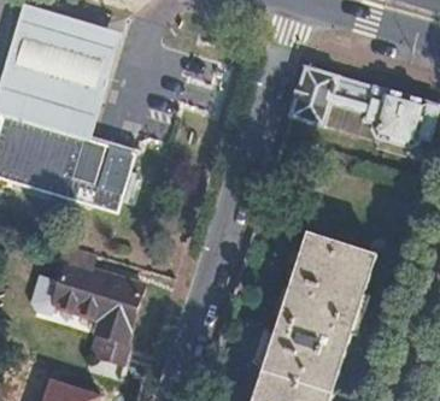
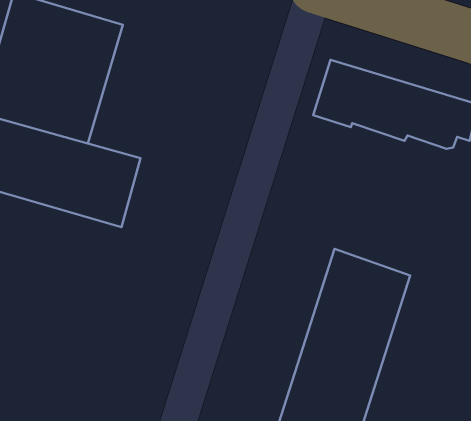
building: [35,244,142,361] -> none

